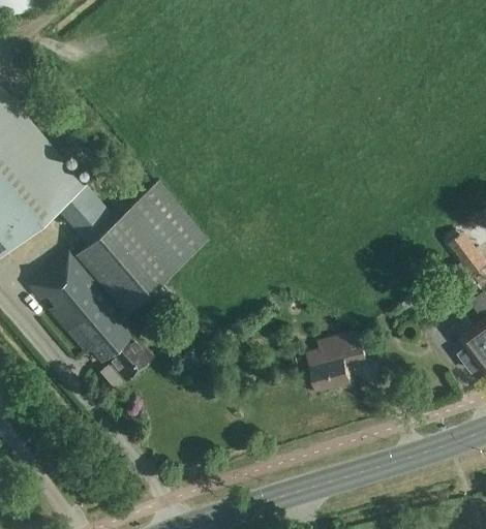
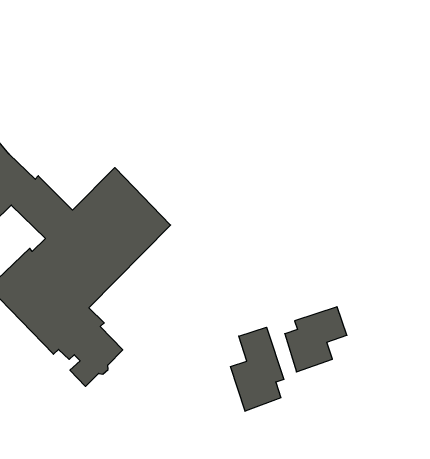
building: none -> [231,327,284,411]

